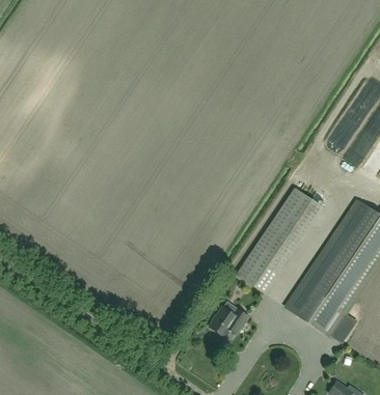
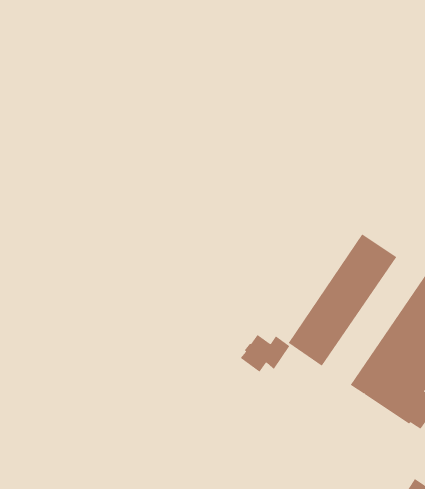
building: [207,306,246,336] -> [240,334,290,372]

